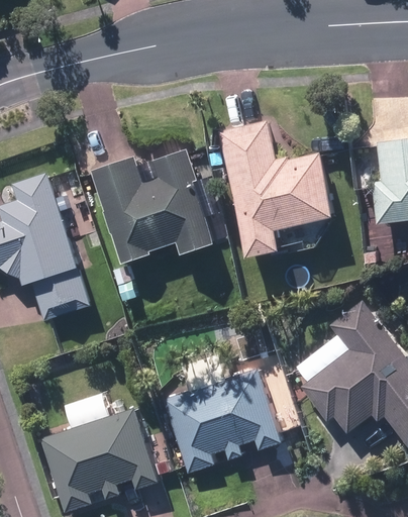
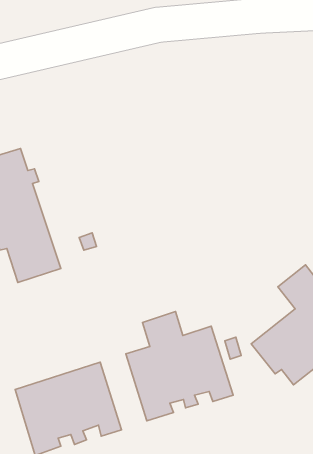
building: [220,119,334,255] -> none
building: [91,148,215,263] -> none

